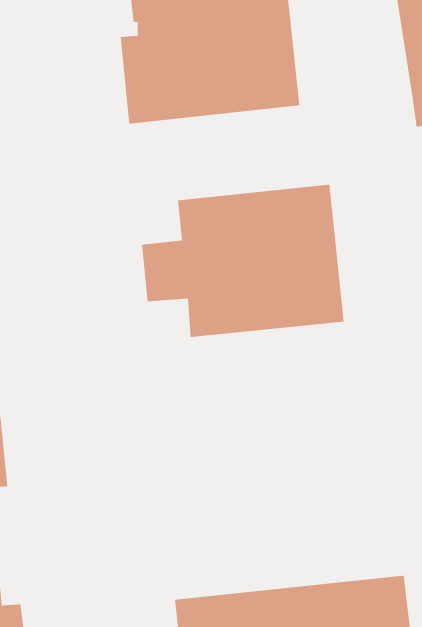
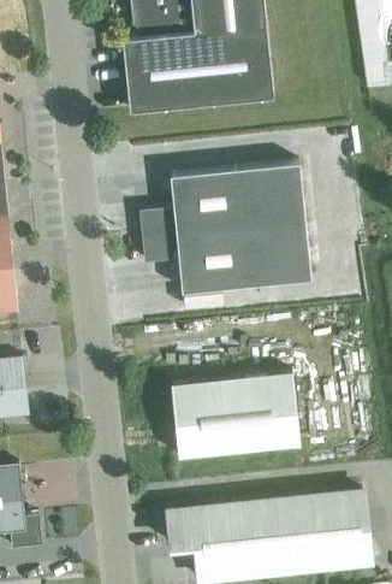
building: none -> [170,372,299,459]

